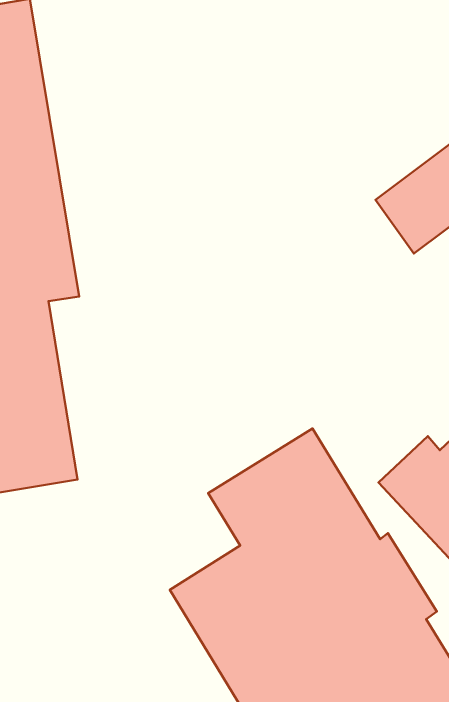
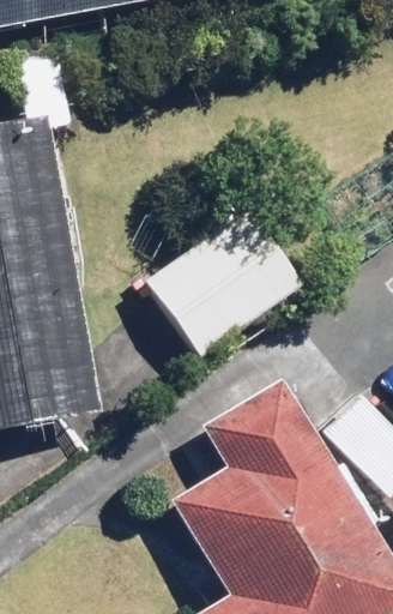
building: none -> [145,213,294,355]

